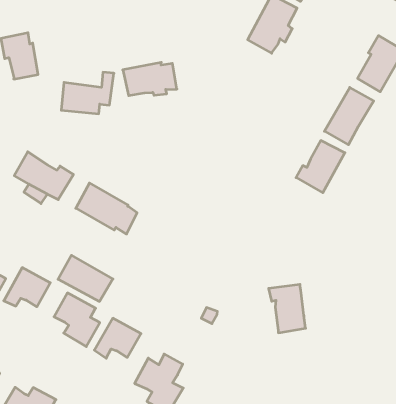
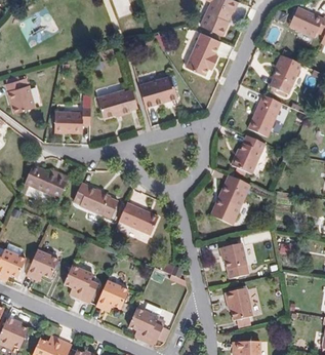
building: none -> [140,76,177,107]
building: none -> [211,174,250,224]
building: [58,255,113,301] -> [119,202,159,234]
building: none -> [226,287,253,320]

